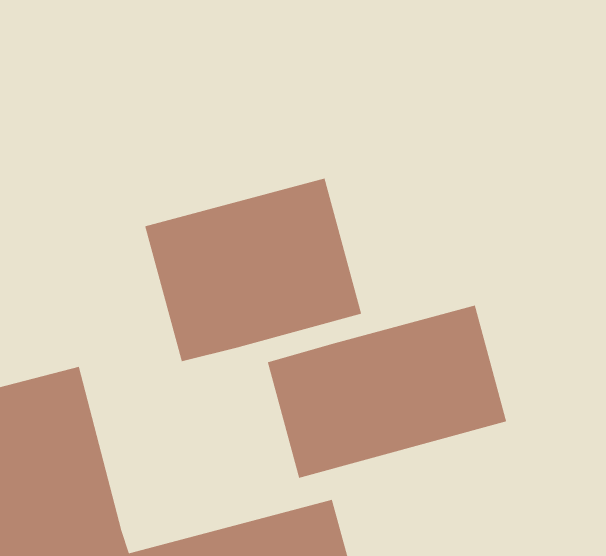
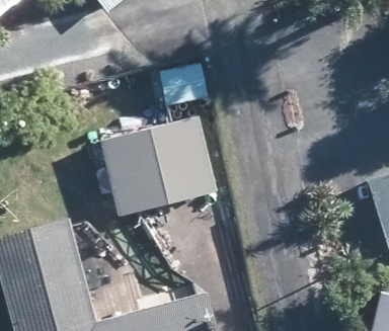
building: [267,305,507,479] -> none

